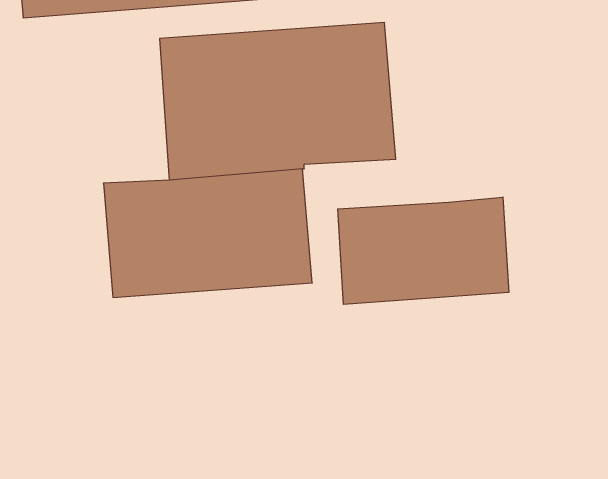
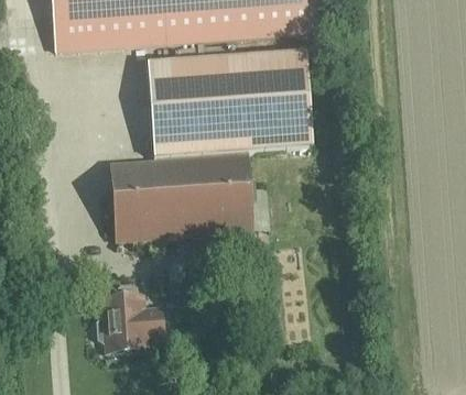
building: [338,197,509,304] -> none
building: none -> [96,285,163,351]

